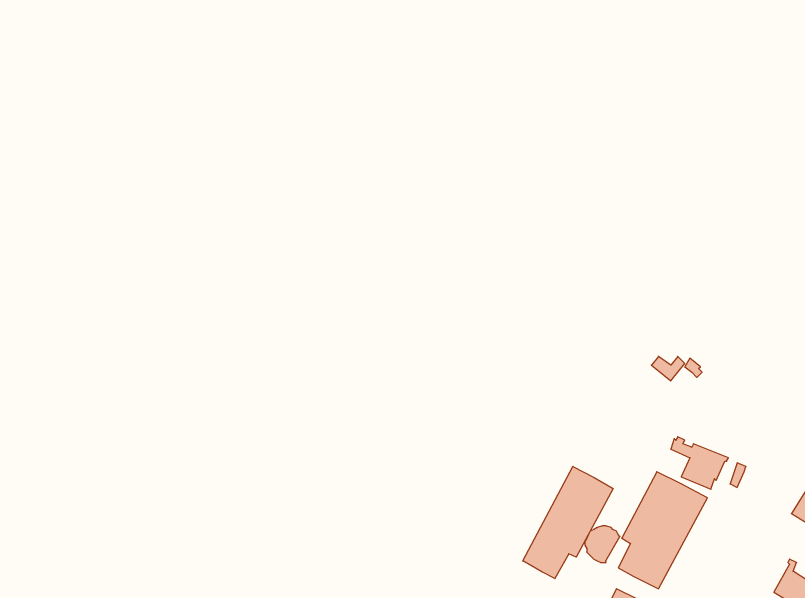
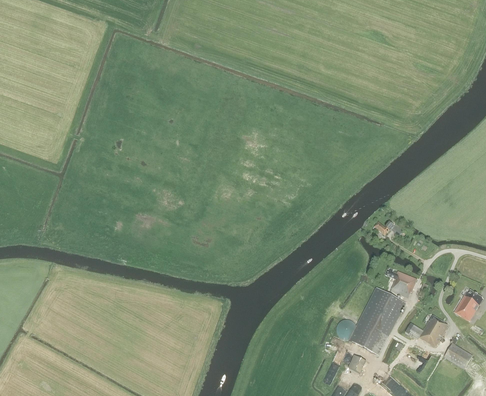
building: [523,466,613,579] -> none
building: none -> [405,314,448,346]

